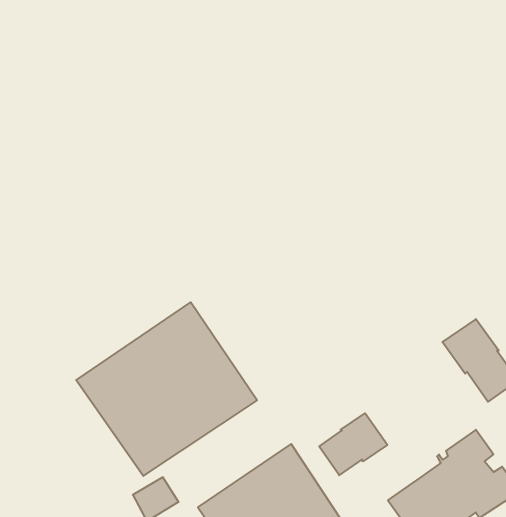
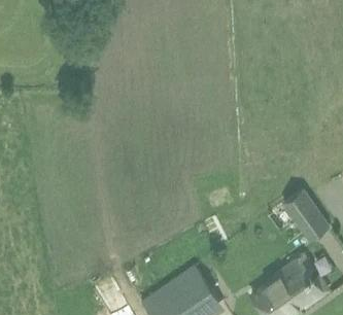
building: [76,302,257,476] -> none
building: [319,413,387,475] -> none

